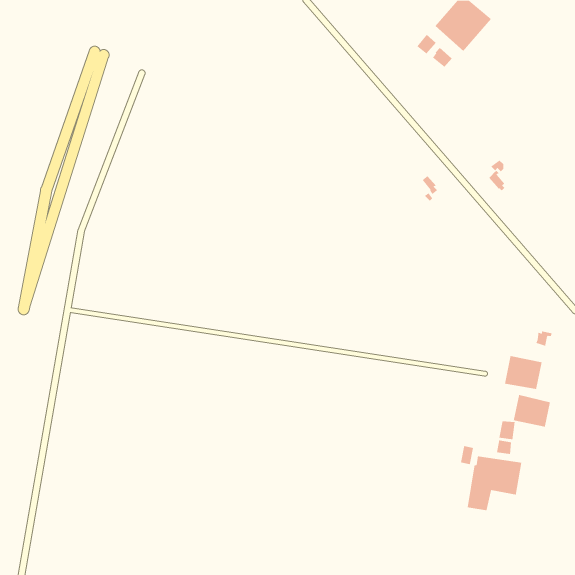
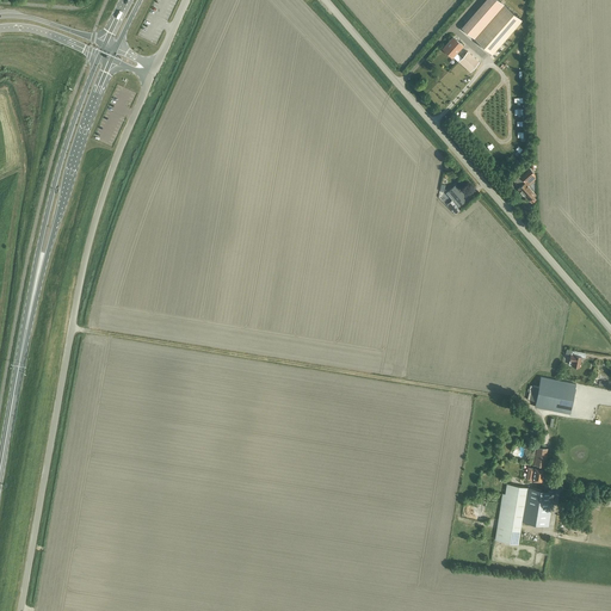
building: [513,394,550,427] -> none

